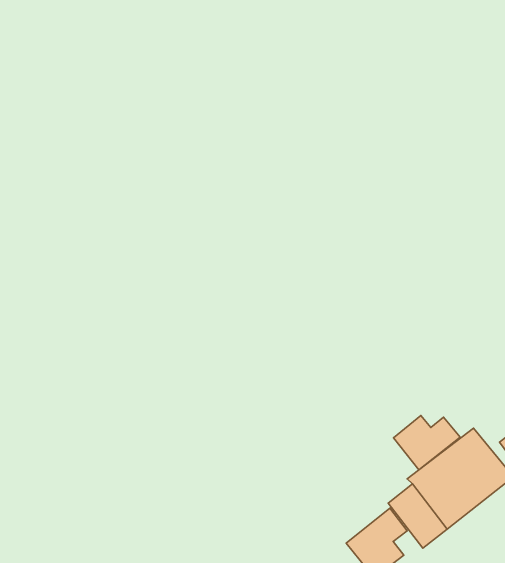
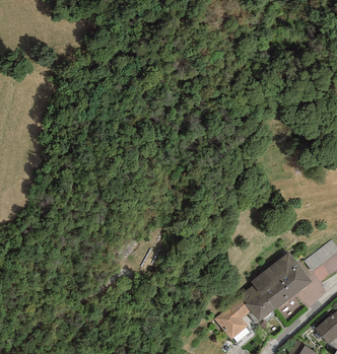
building: [393,416,460,470] -> none

